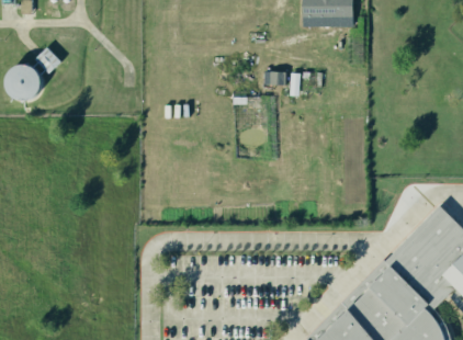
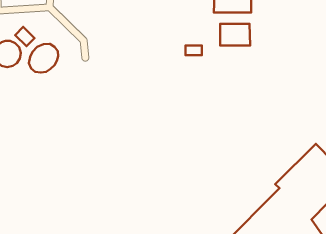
building: none -> [220,24,250,46]
building: none -> [29,44,58,73]

